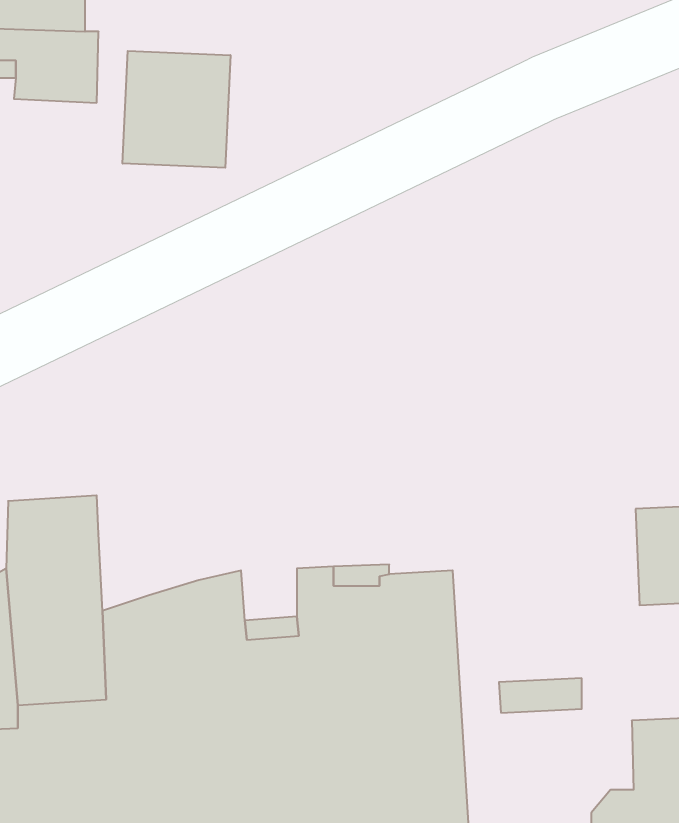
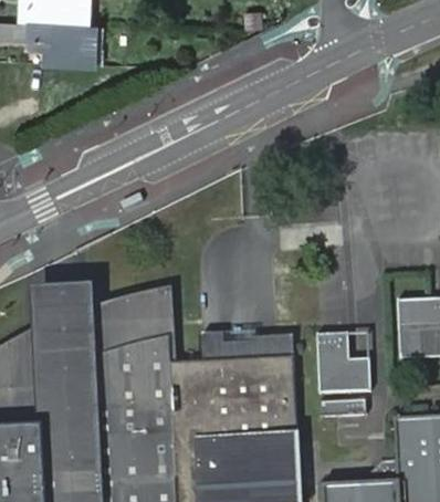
building: [123,51,230,168] -> none
building: none -> [88,293,170,357]
building: none -> [316,332,370,393]

